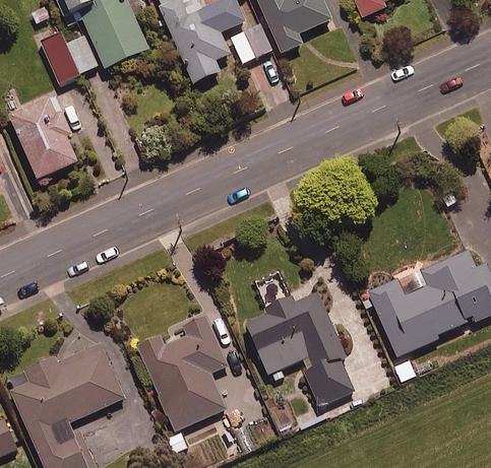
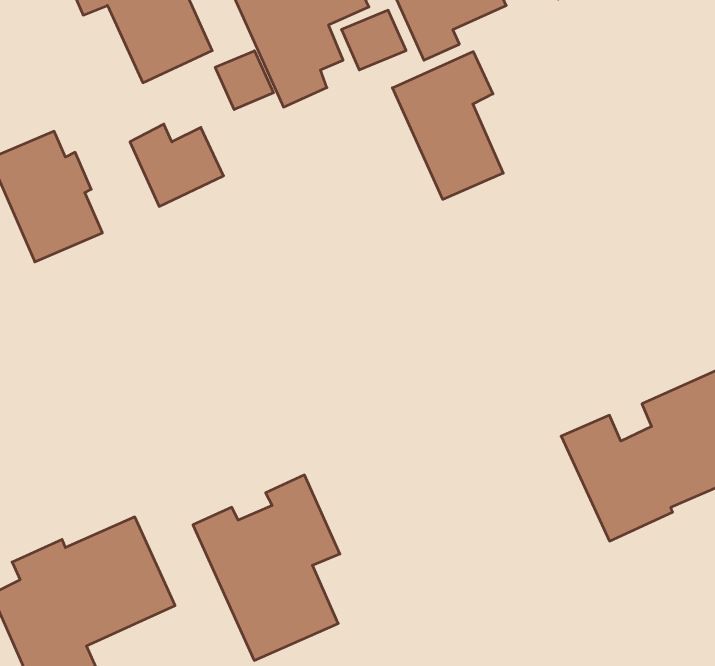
building: [38,30,97,82] -> [130,124,224,206]
building: none -> [215,51,273,110]
building: none -> [392,52,503,199]
building: [244,291,354,407] -> none

